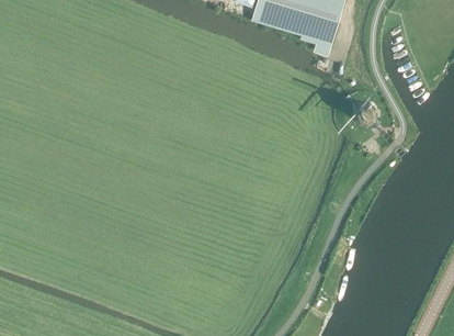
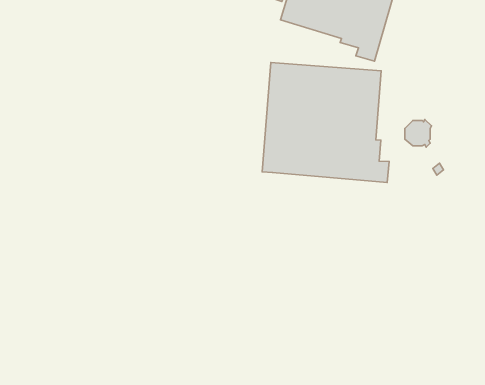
building: none -> [262,62,389,182]

